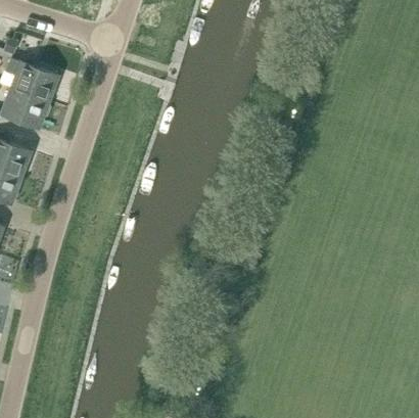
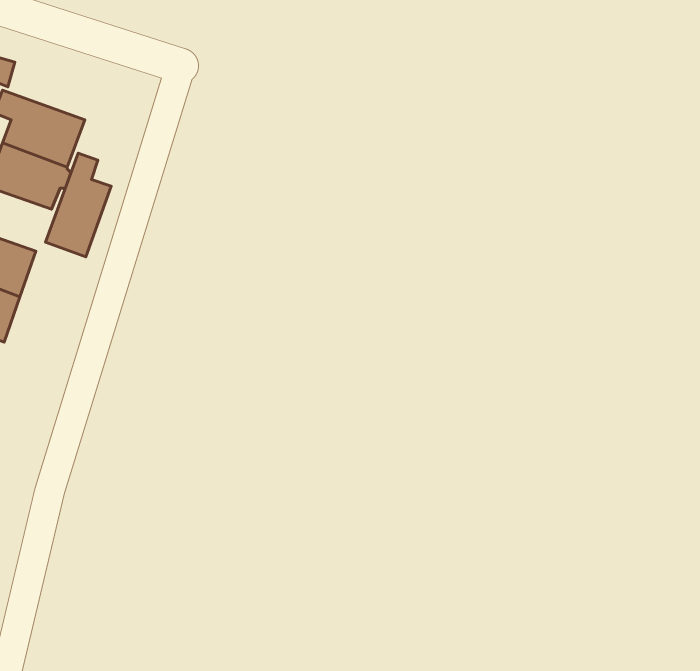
building: none -> [46,153,111,257]

